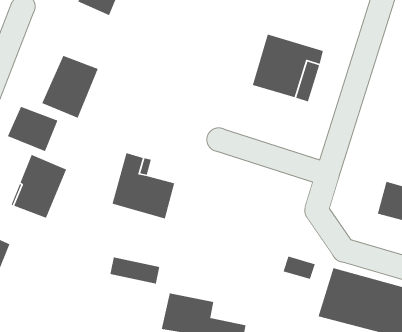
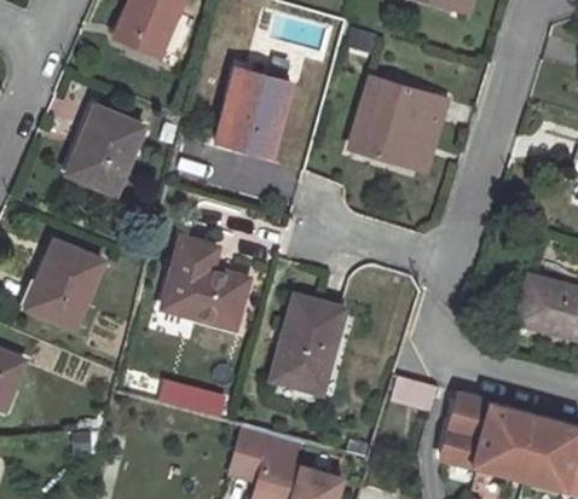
building: none -> [218,70,290,156]
building: [7,106,58,152] -> none
building: none -> [270,295,340,395]

